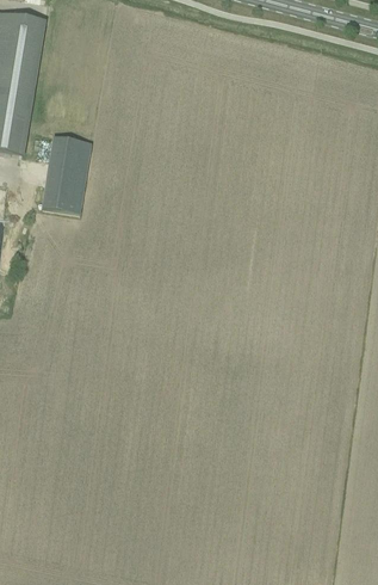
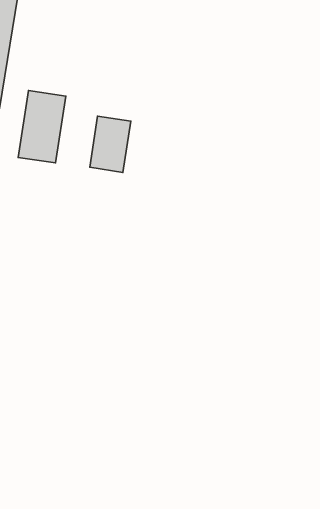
building: none -> [90,116,131,172]

